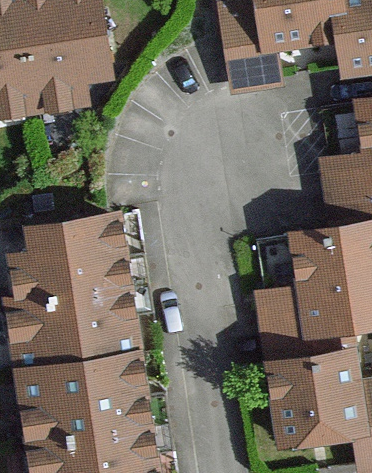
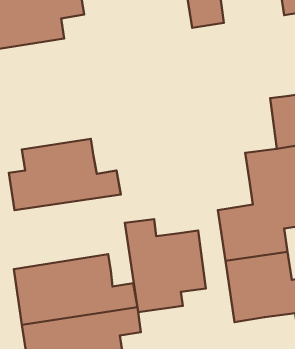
building: [8,285,150,375] -> none
building: none -> [125,219,206,312]

